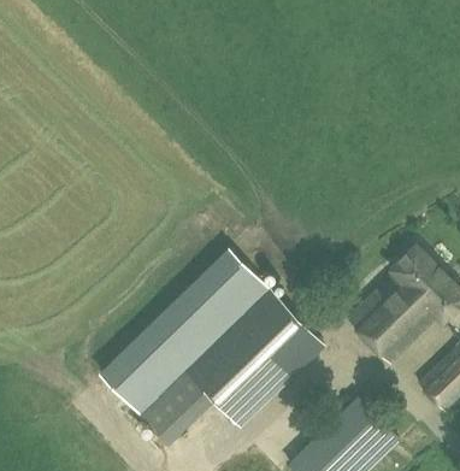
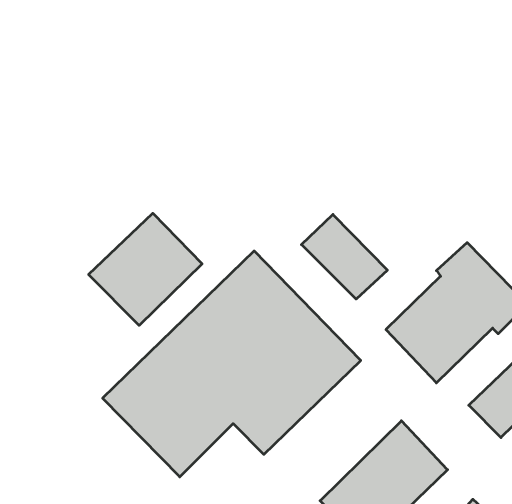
building: none -> [89,213,202,325]
building: none -> [301,214,387,299]

